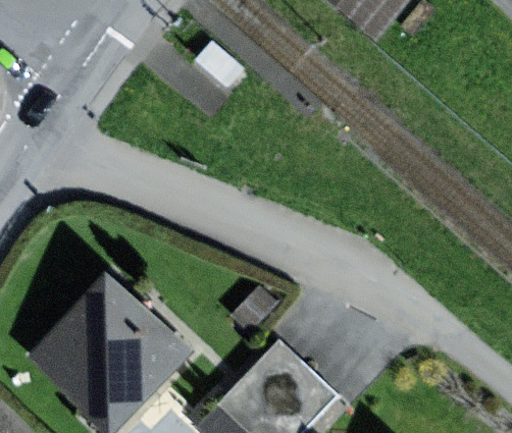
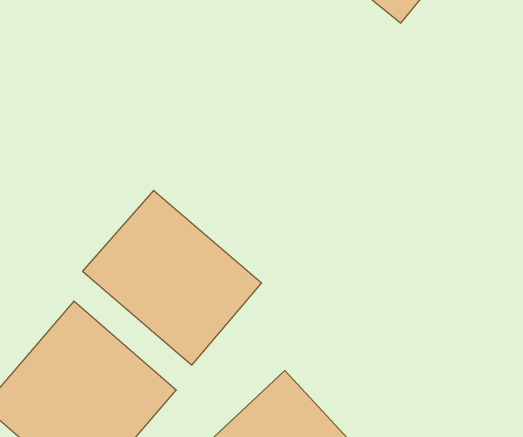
building: none -> [83,190,262,365]

